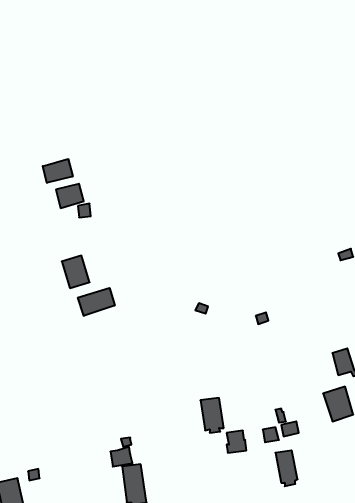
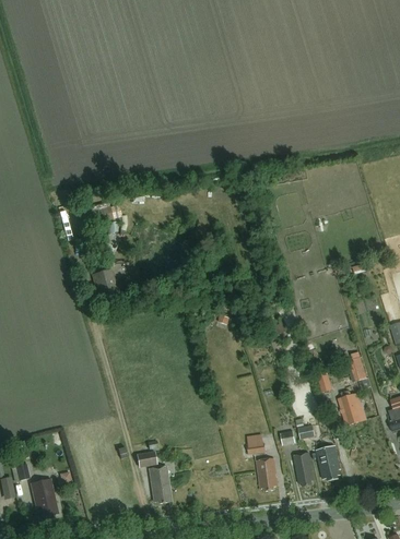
building: [43,159,73,183] -> none
building: [78,288,115,316] -> none
building: [200,398,224,433] -> [256,458,278,491]
building: none -> [316,446,340,481]

